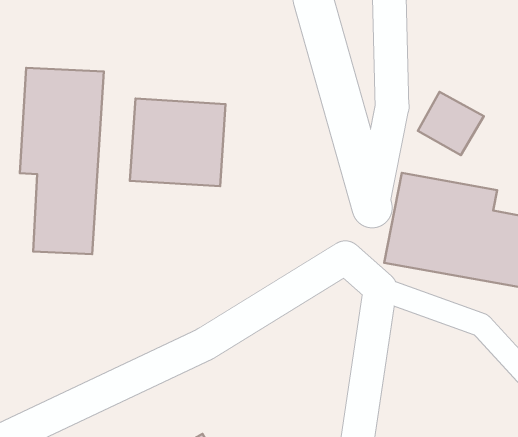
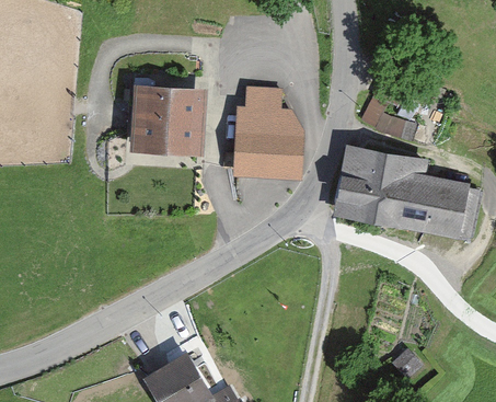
building: [20,68,104,254] -> none
building: none -> [229,85,304,181]

